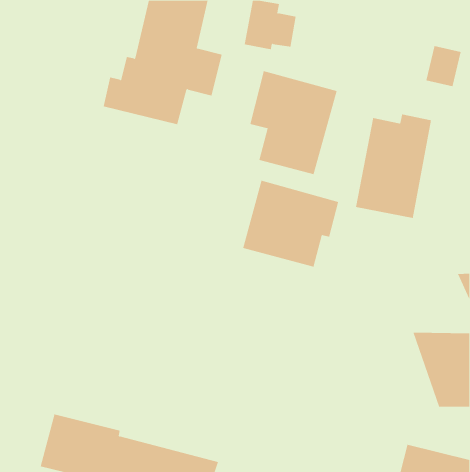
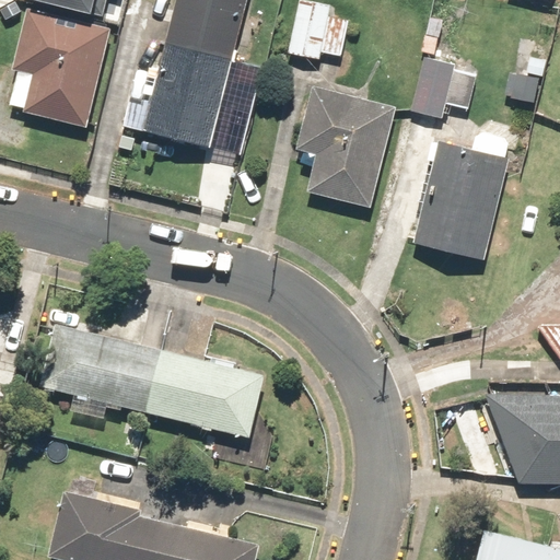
building: none -> [8,11,109,126]
building: none -> [411,57,476,120]
building: [242,180,339,267] -> none
building: none -> [42,324,265,436]

